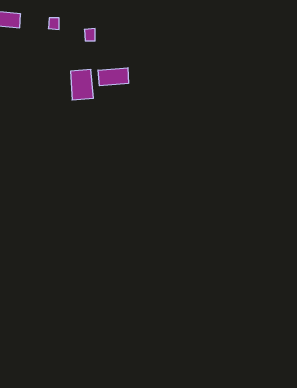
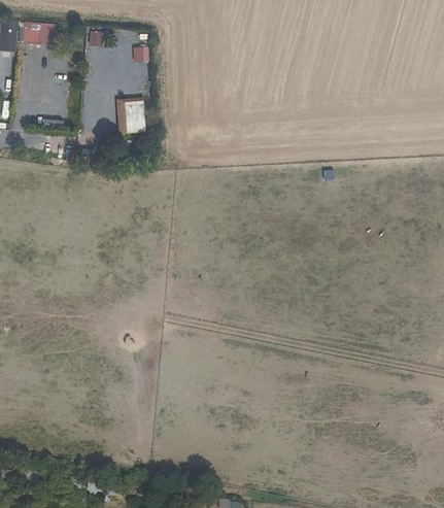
building: [98,68,128,86] -> none

